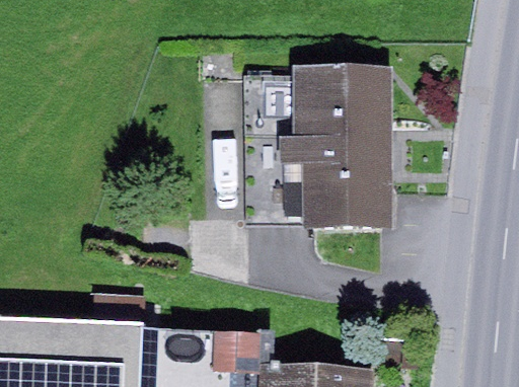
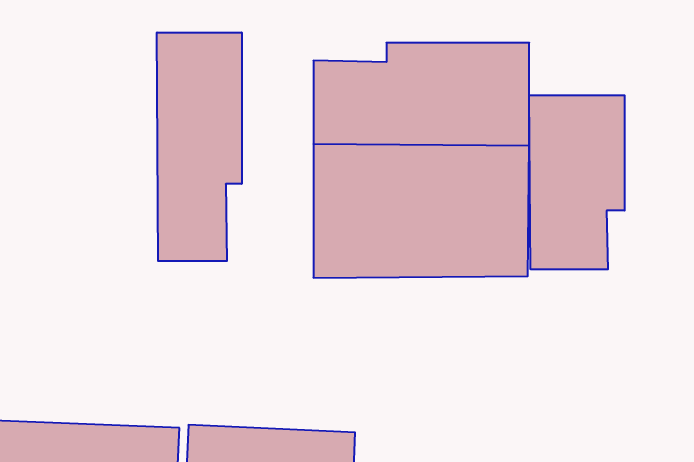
building: none -> [157,32,242,261]
building: none -> [529,95,625,269]

